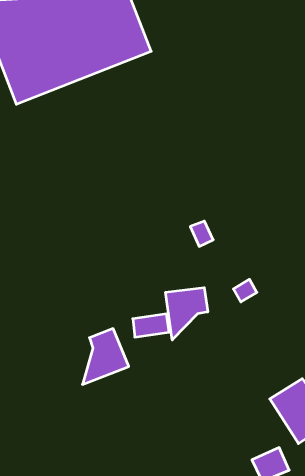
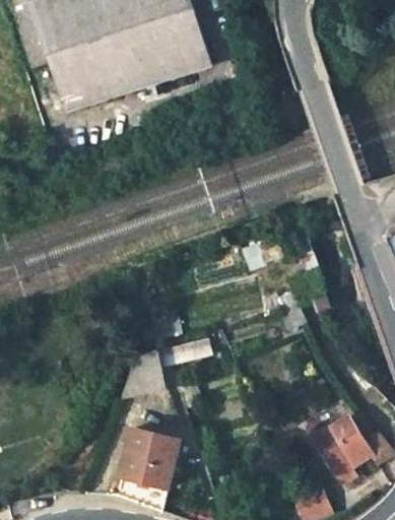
building: [166,288,208,340] -> none
building: none -> [121,433,177,489]

